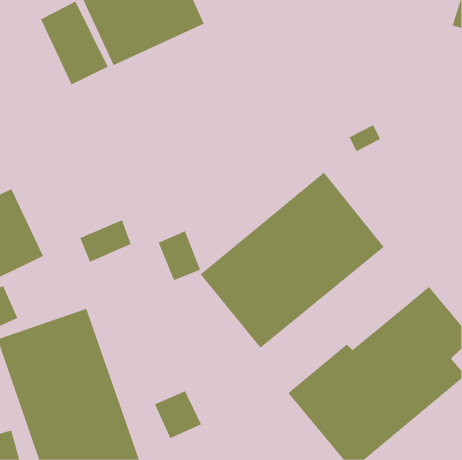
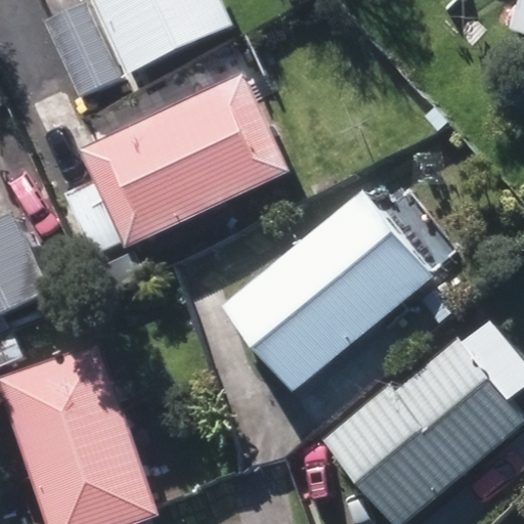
building: none -> [63,76,287,253]

